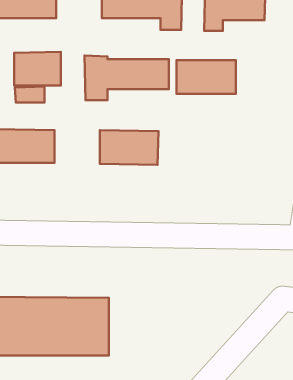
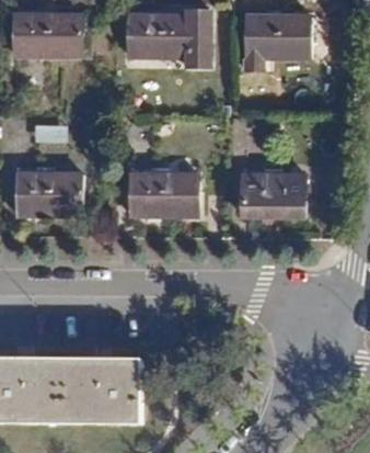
building: [14,52,61,86] -> none
building: [84,55,169,100] -> none
building: [176,60,236,94] -> [240,177,305,214]

